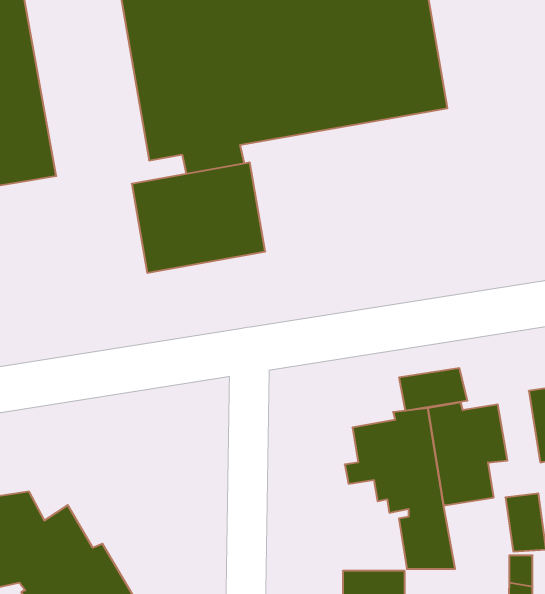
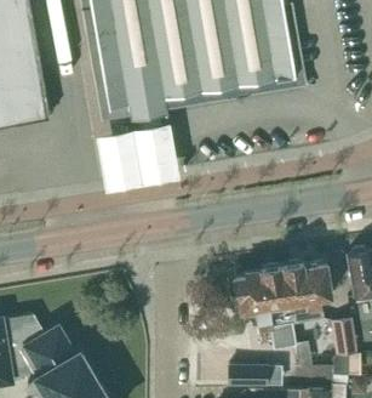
building: [399,368,467,411] -> none

